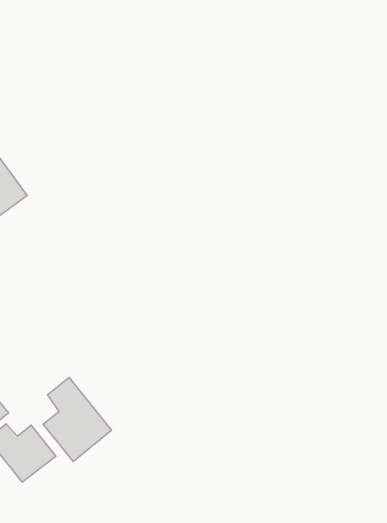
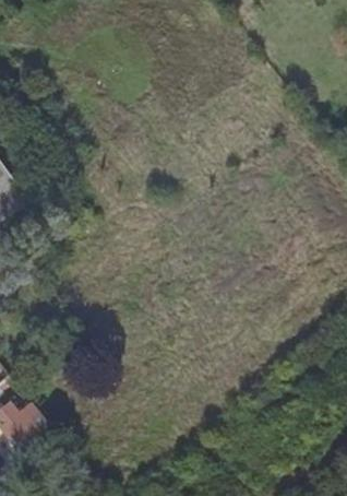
building: [43,377,111,462] -> none

